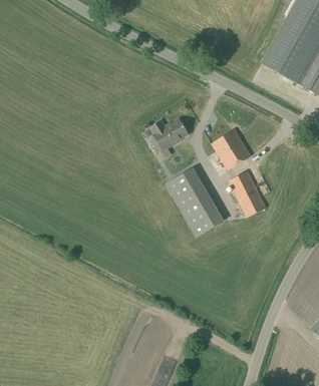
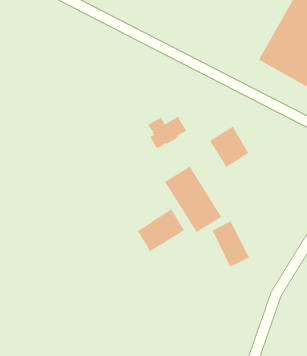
building: [229,171,267,219] -> [212,220,250,267]
building: none -> [137,209,185,252]

